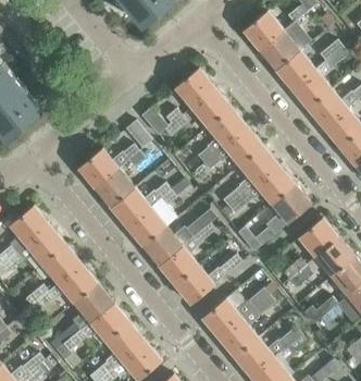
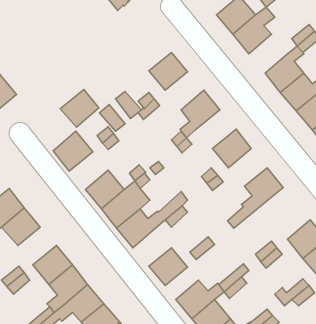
building: [275,50,314,89] -> none
building: [190,88,229,126] -> none
building: [222,126,262,165] -> none
building: [254,165,294,204] -> none
building: [94,169,133,207] -> [60,89,99,127]
building: [298,218,337,257] -> none
building: [41,245,80,283] -> none
building: [158,246,197,284] -> none

